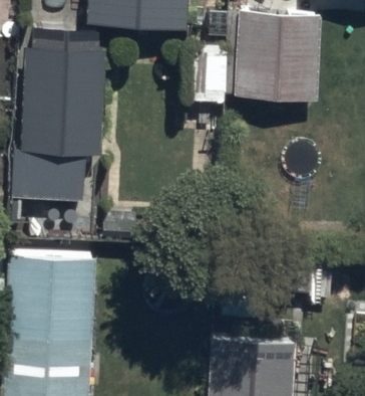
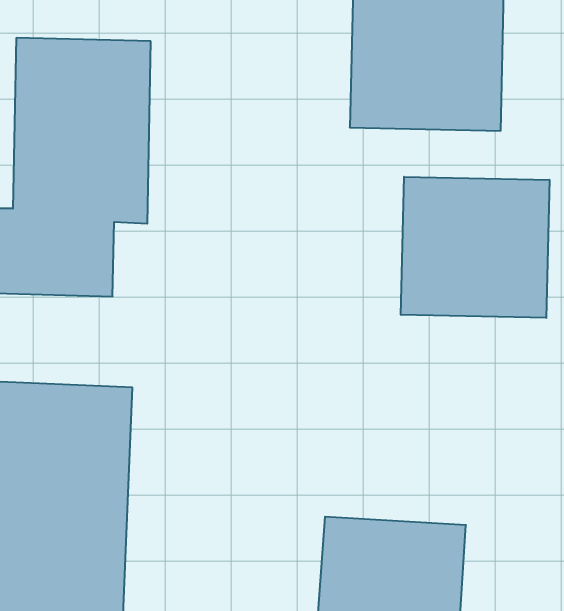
building: none -> [401,177,549,318]

